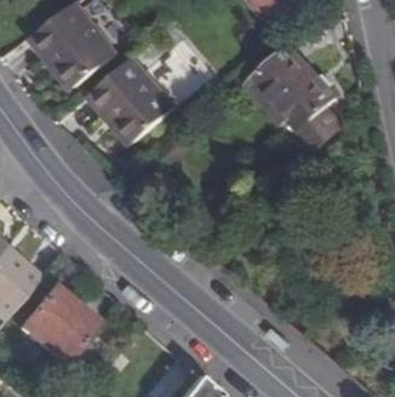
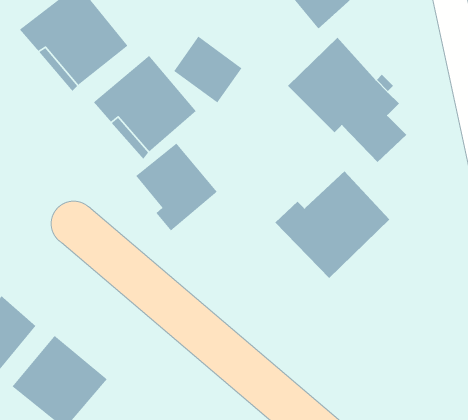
building: none -> [135,143,218,232]
building: none -> [275,170,390,279]

